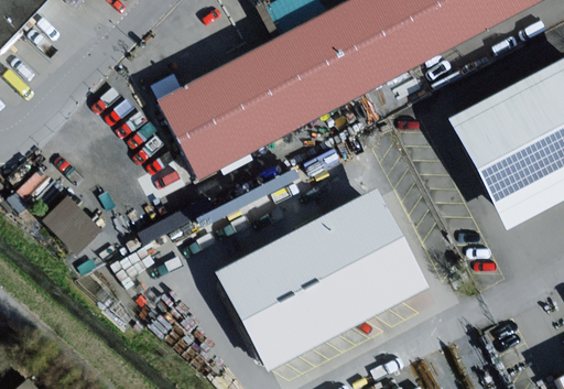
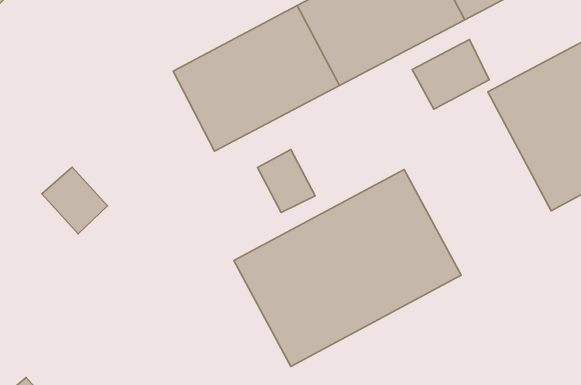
building: none -> [412,39,489,109]
building: none -> [258,149,315,213]

